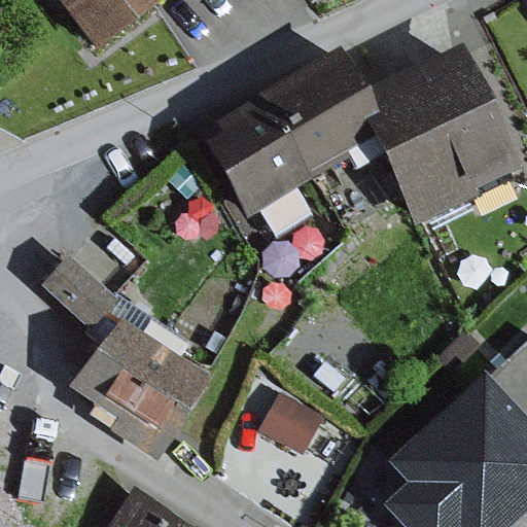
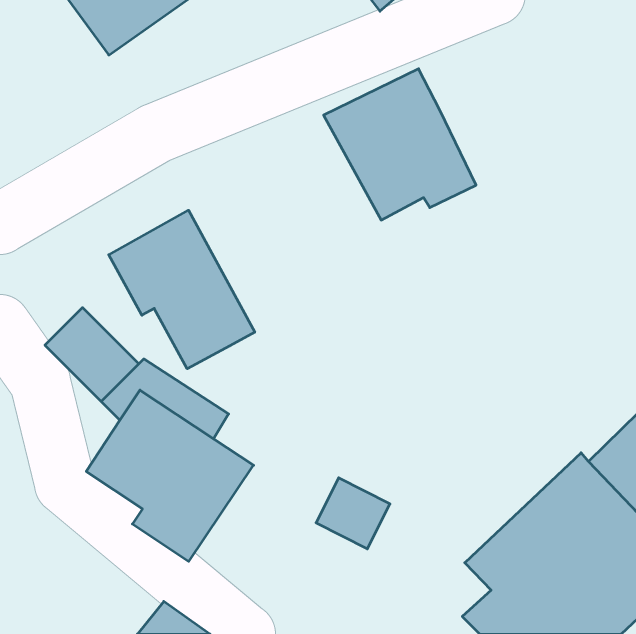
building: [364,43,520,219] -> none
building: [210,95,321,247] -> none
building: none -> [109,210,255,369]

